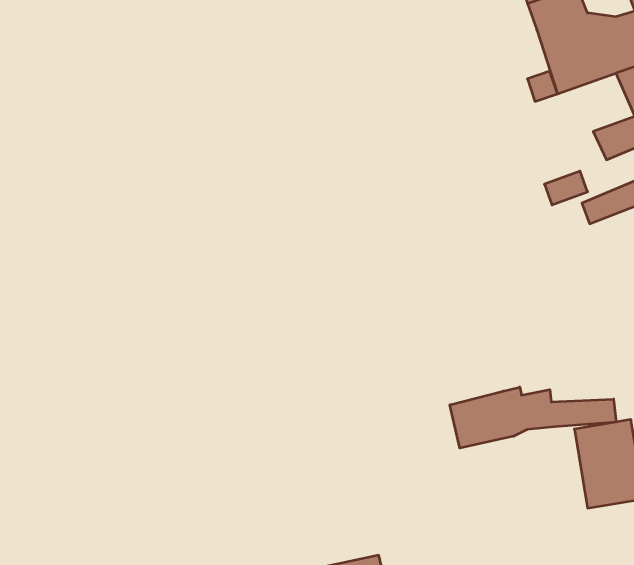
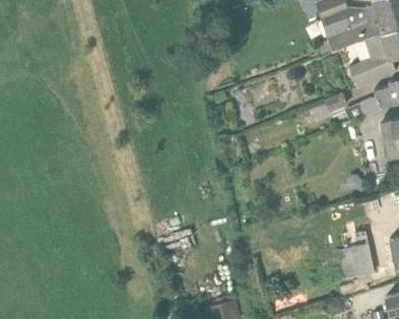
building: [450,387,616,448] -> none

